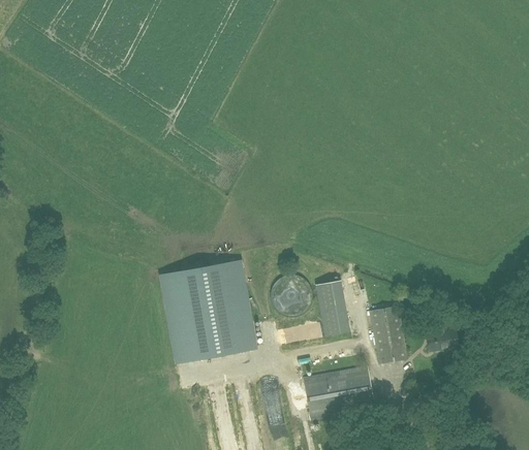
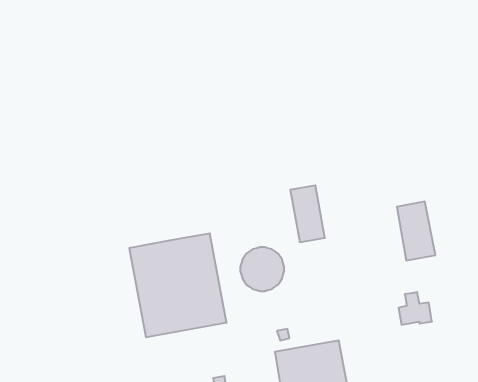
building: [315,280,349,335] -> [290,185,325,242]
building: [369,306,407,363] -> [397,202,435,260]

